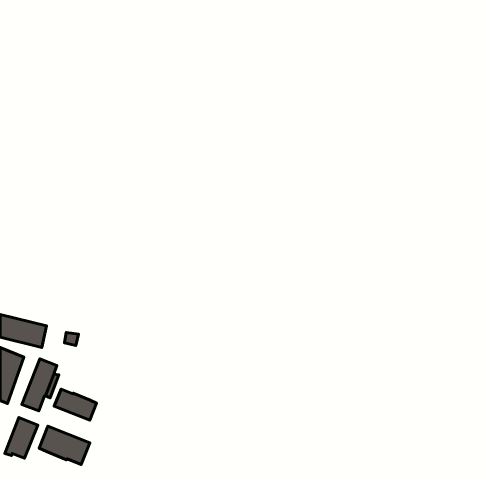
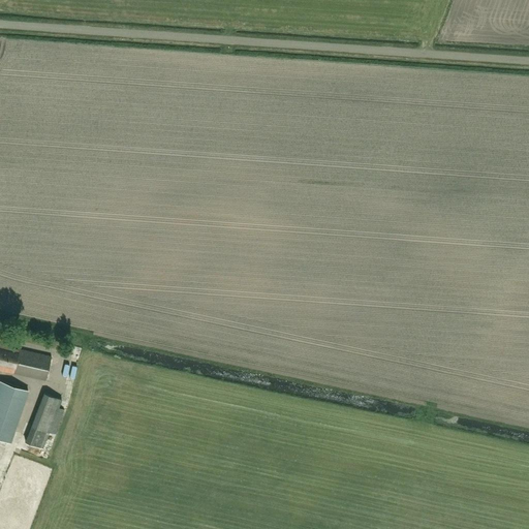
building: [54,389,97,420] -> none
building: [39,426,90,465] -> none

